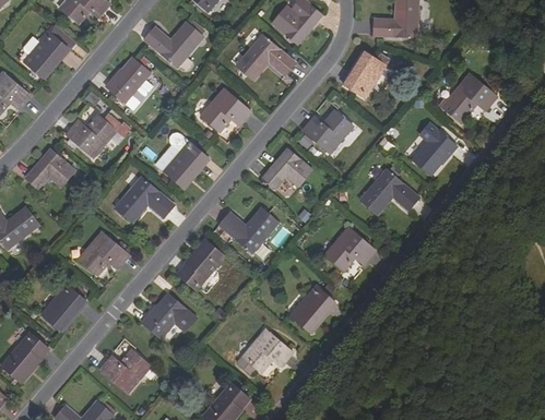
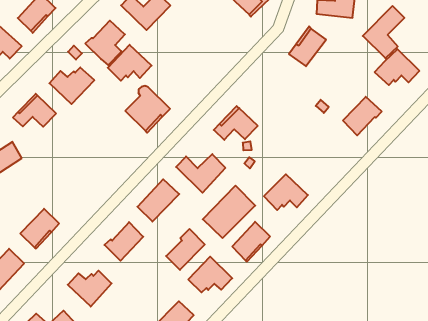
building: none -> [363,6,404,58]
building: [236,35,295,81] -> none
building: [201,86,252,129] -> [108,45,152,81]
building: [303,112,354,155] -> none
building: [357,170,417,216] -> none
building: [114,178,173,225] -> none
building: [78,230,129,273] -> none
building: none -> [203,186,255,238]
building: none -> [166,229,205,270]

